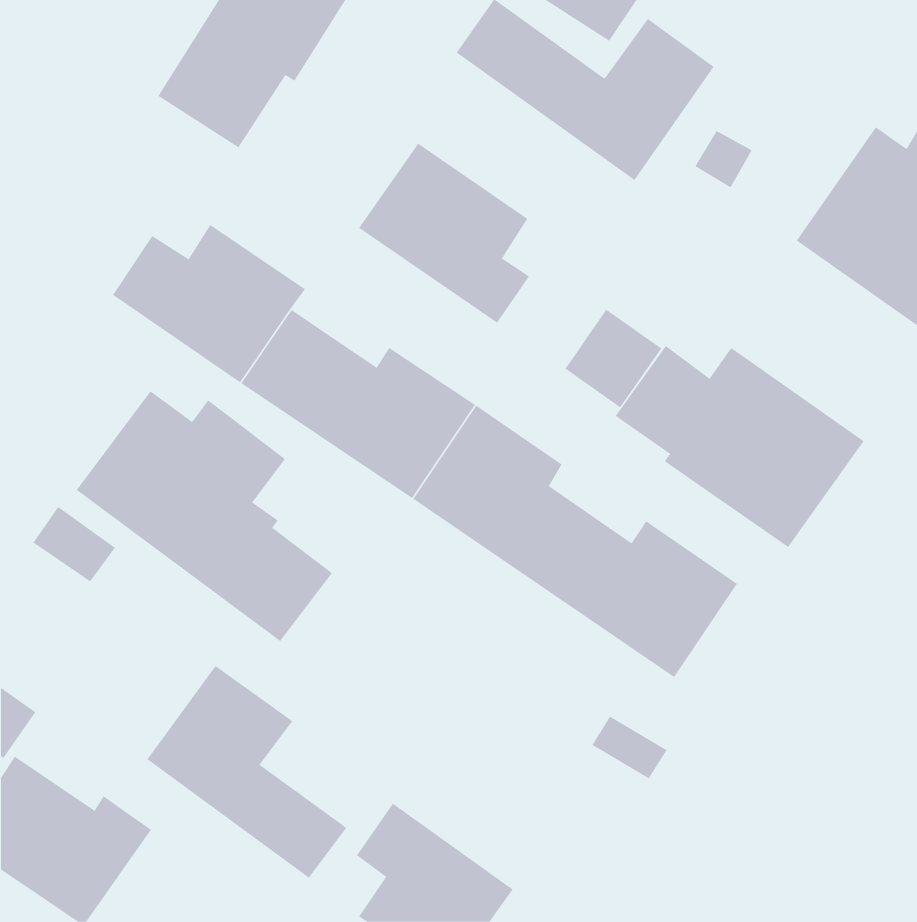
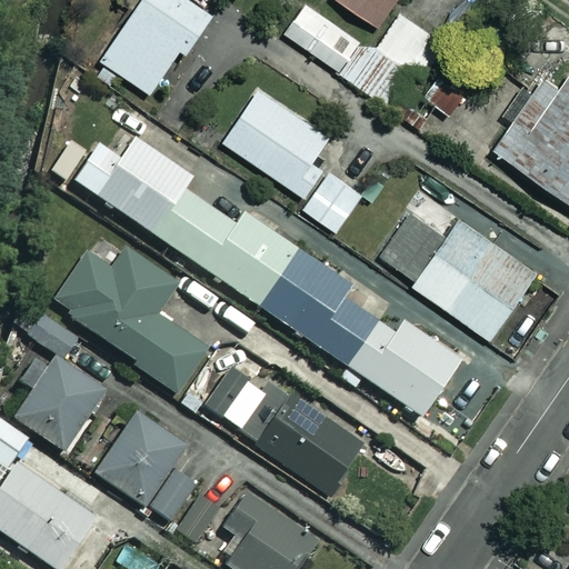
building: [564,309,662,408] -> [305,170,365,231]
building: none -> [12,350,104,452]
building: none -> [202,370,362,493]

